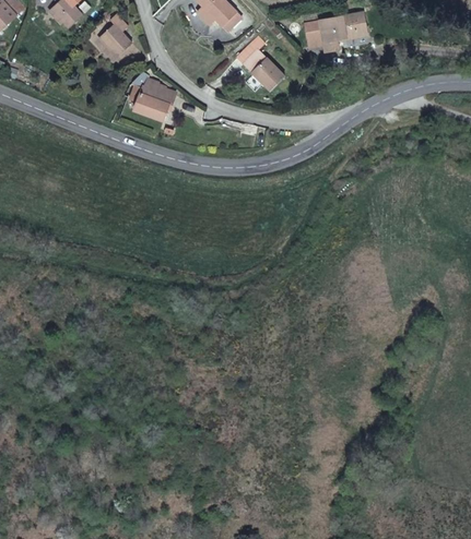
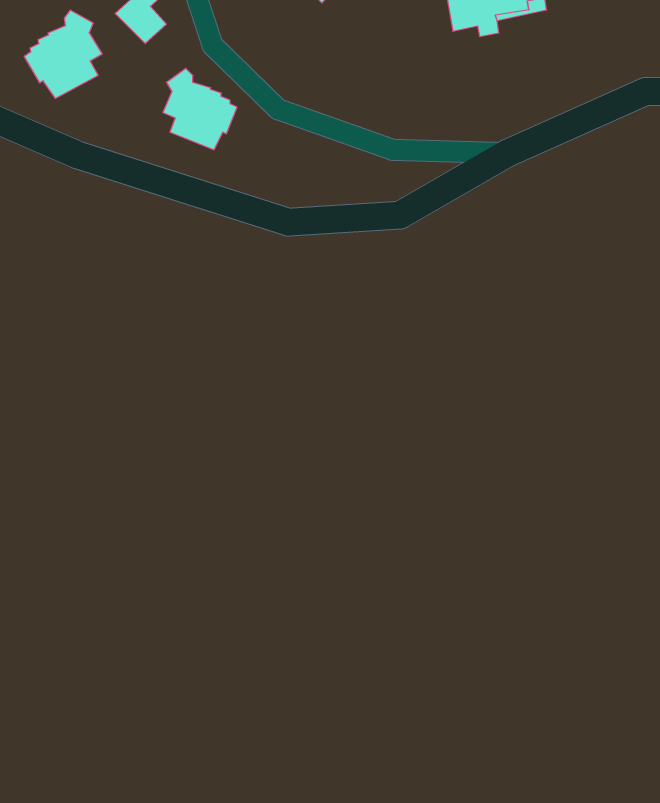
building: none -> [24,10,102,98]
building: [245,51,284,91] -> none

